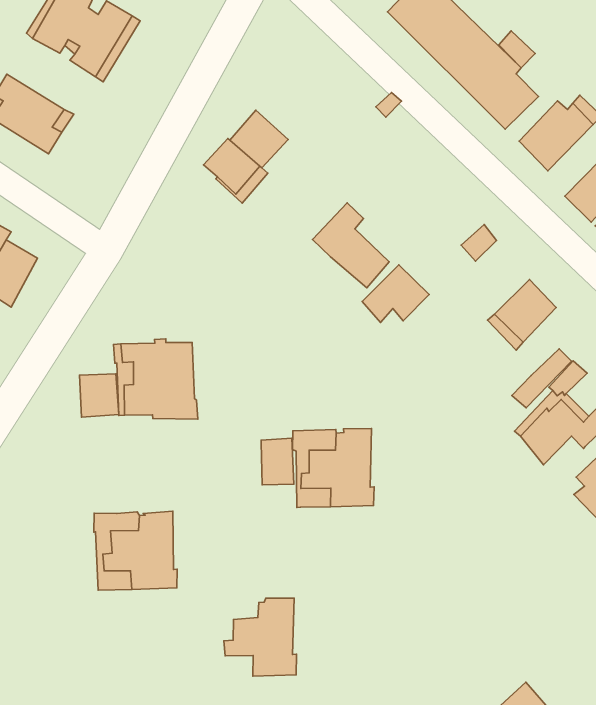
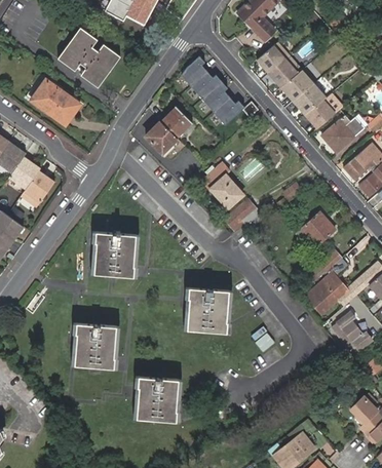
building: none -> [181,55,244,125]
building: [79,374,119,417] -> none
building: [261,438,294,485] -> none
building: none -> [136,375,160,419]

